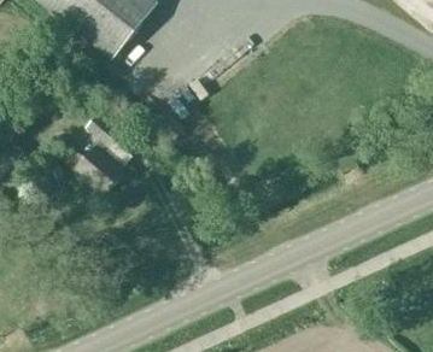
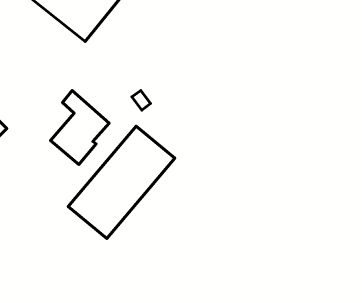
building: none -> [68,126,175,239]

